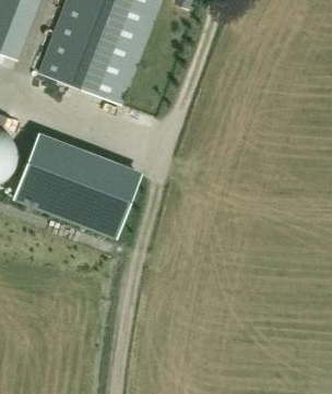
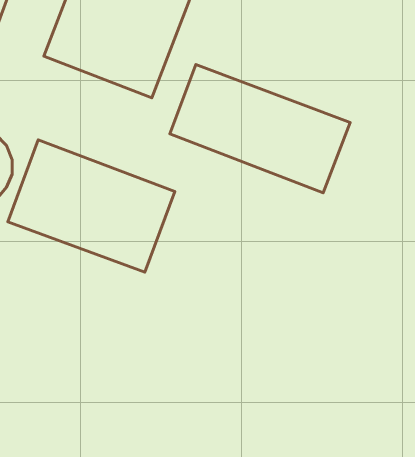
building: none -> [170,65,350,193]

